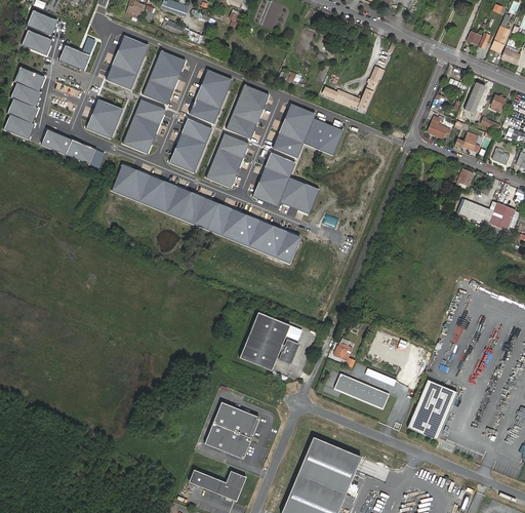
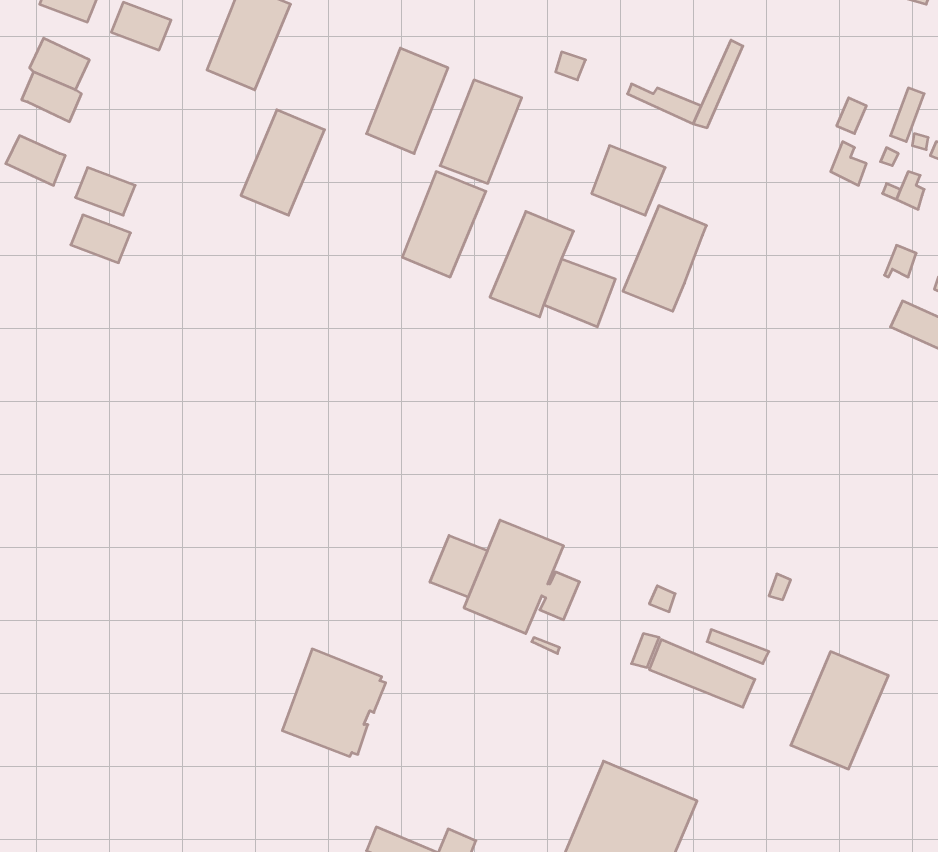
building: [144,50,187,105] -> none
building: [7,95,38,122] -> none
building: [87,100,124,137] -> none
building: [273,103,316,157] -> [623,206,707,311]
building: [169,117,212,171] -> none
building: [66,140,96,164] -> [71,215,131,263]
building: [114,165,302,264] -> none
building: none -> [430,535,487,597]
building: [205,401,258,457] -> [282,649,386,756]

